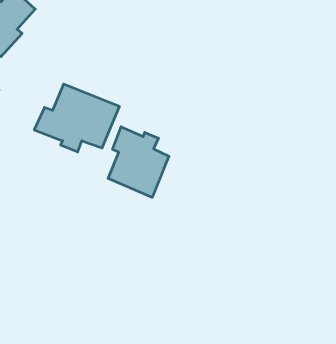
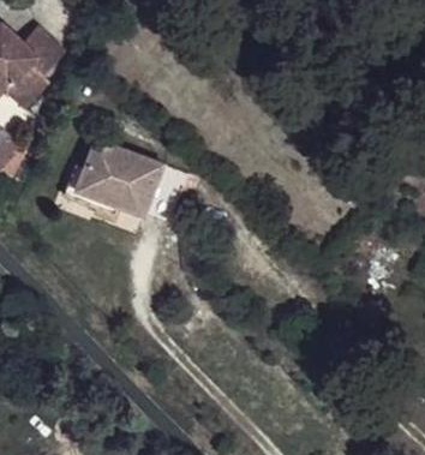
building: [108,127,169,197] -> none

